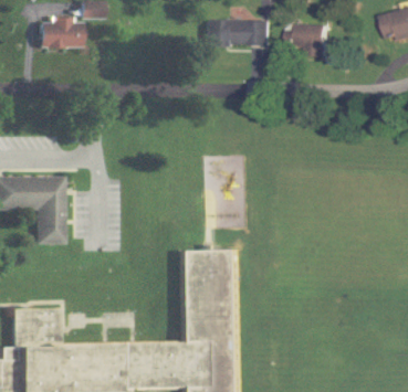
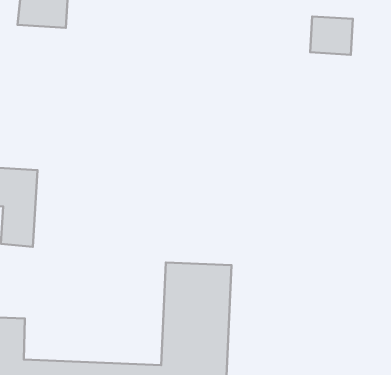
building: [206,20,275,45] -> none

